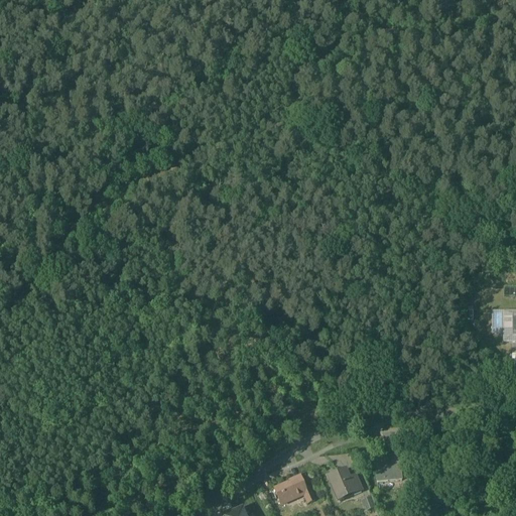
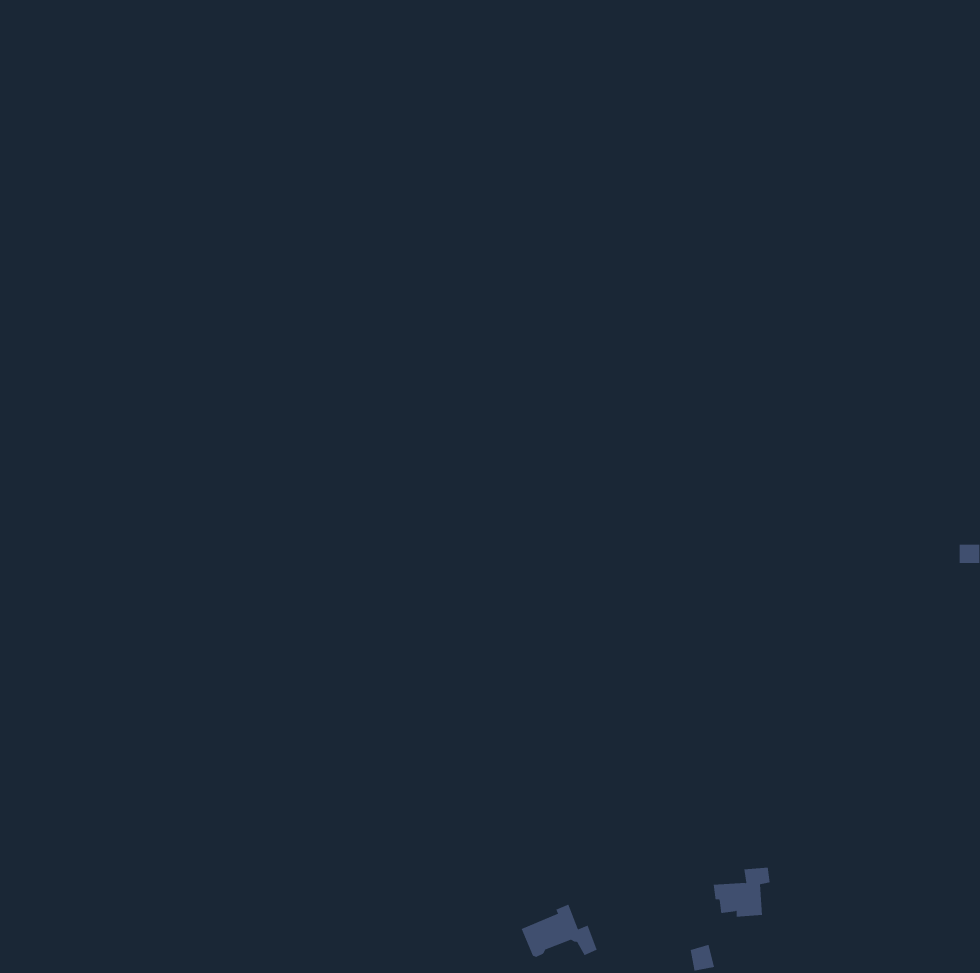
building: [330,472,360,499] -> none

